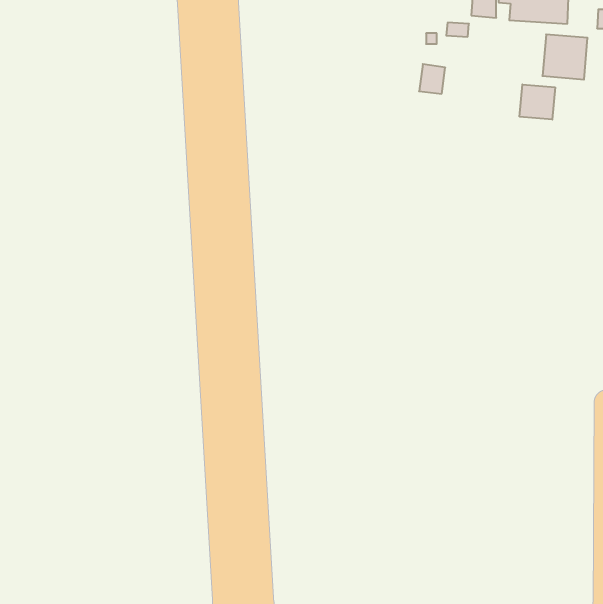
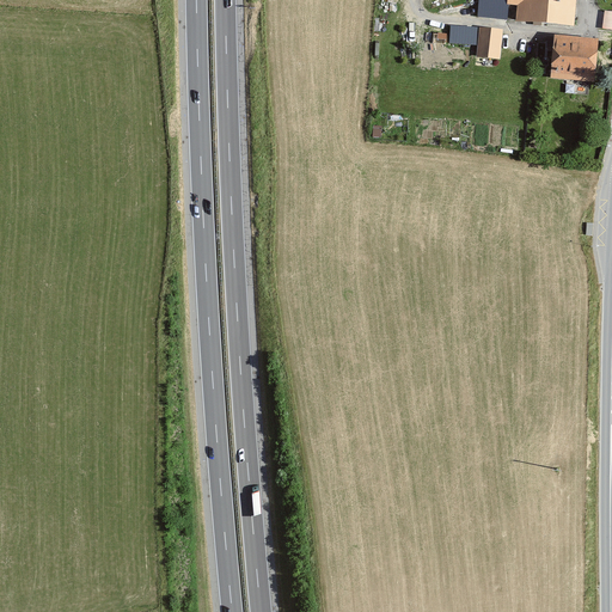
building: [419,64,445,94] -> [477,26,503,56]
building: [520,84,555,120] -> none

